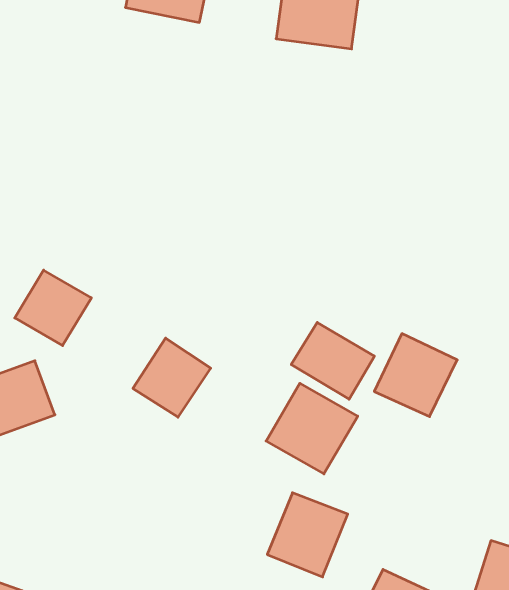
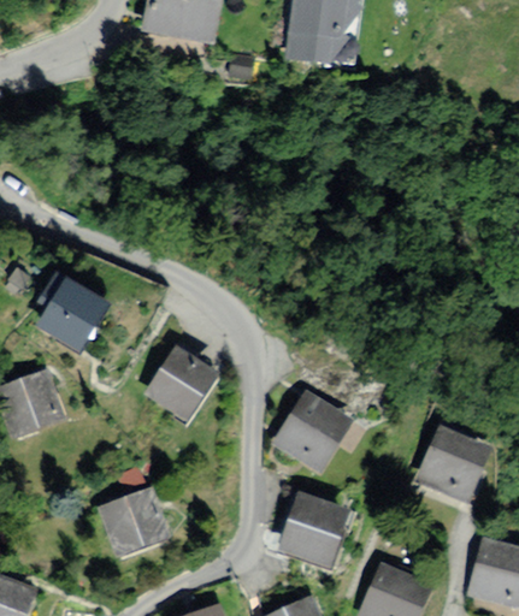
building: [291,322,374,399] -> none
building: [374,334,457,417] -> [414,425,494,504]
building: none -> [99,486,171,559]

